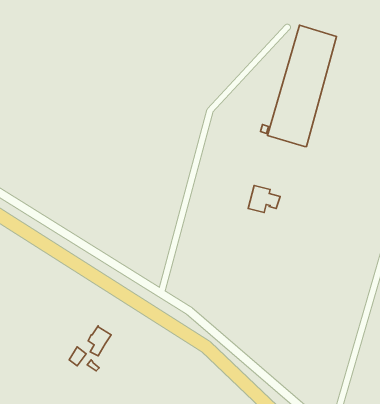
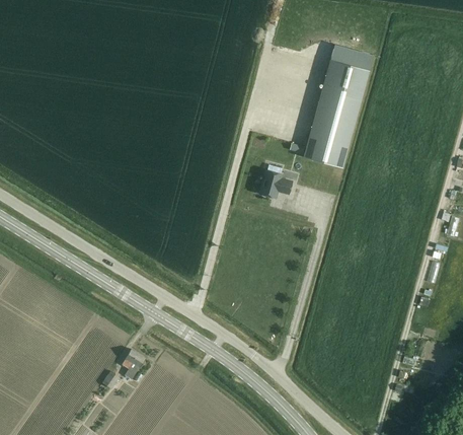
building: [248,185,280,212] -> [259,170,292,198]

